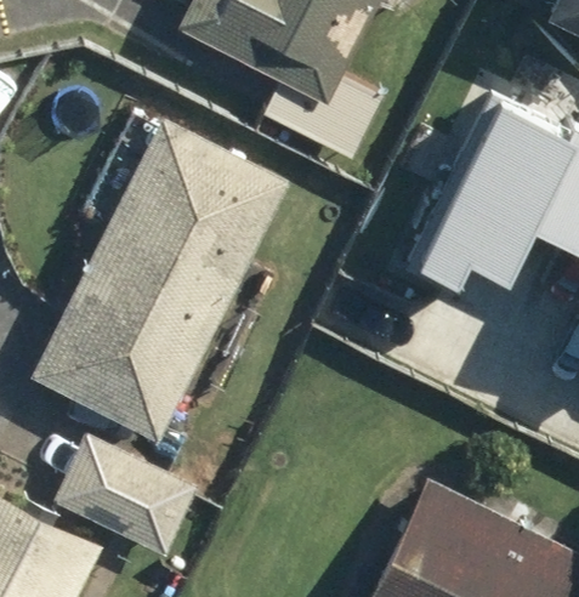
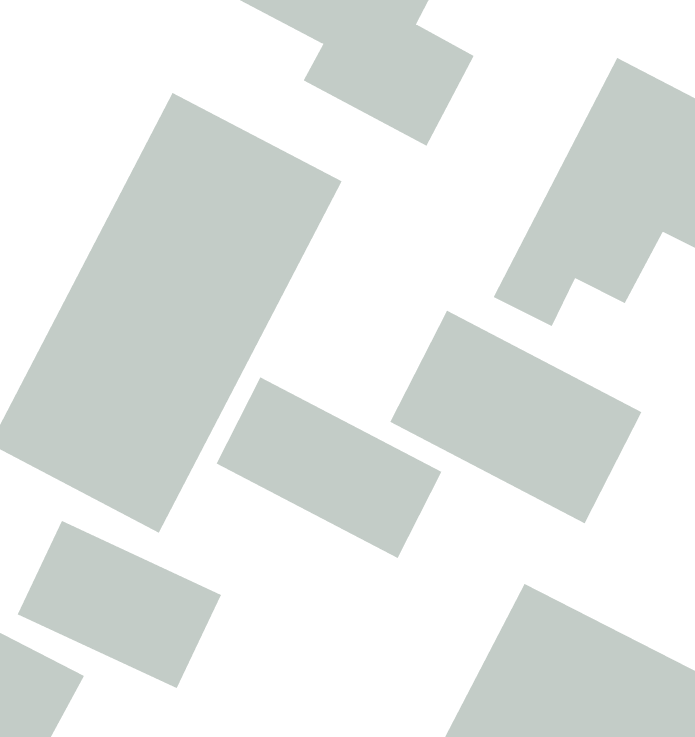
building: none -> [390,310,642,524]
building: none -> [216,377,442,559]

